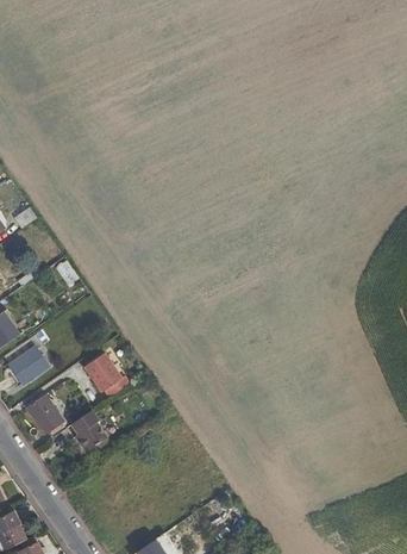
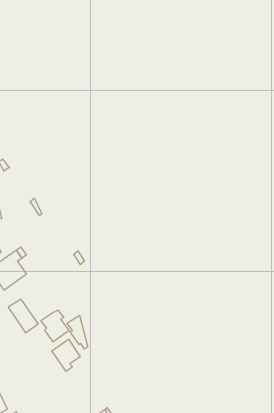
building: [86,354,113,398] -> [67,315,88,349]
building: none -> [52,339,80,371]

